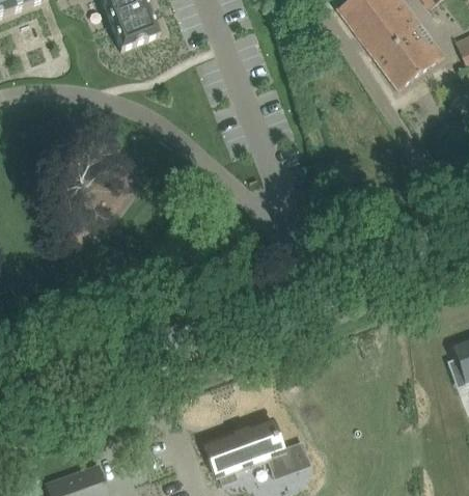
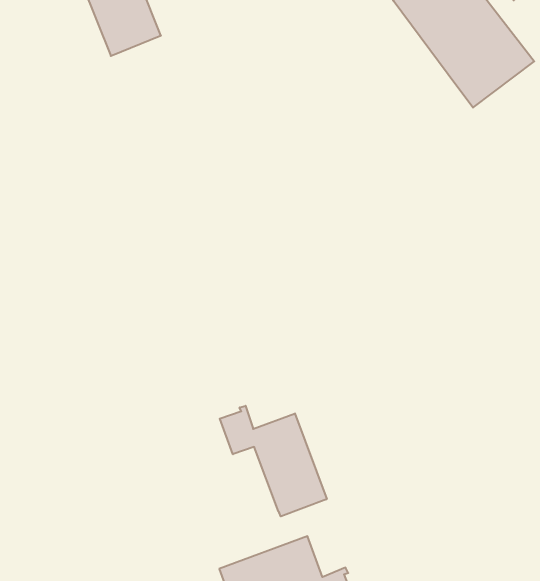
building: none -> [220,406,327,516]

